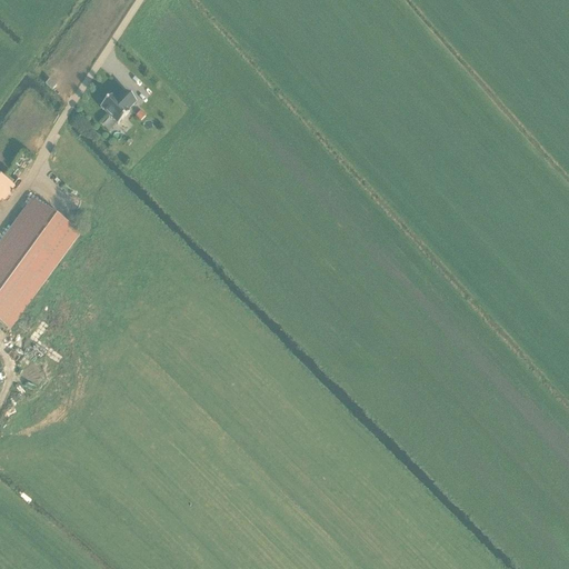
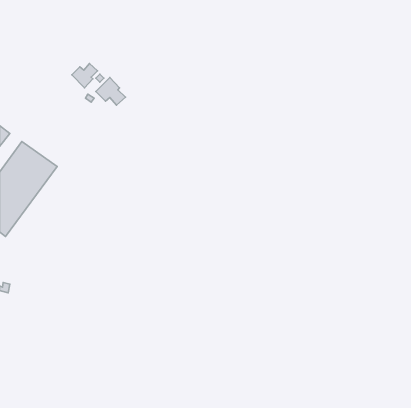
building: none -> [96,77,125,105]

